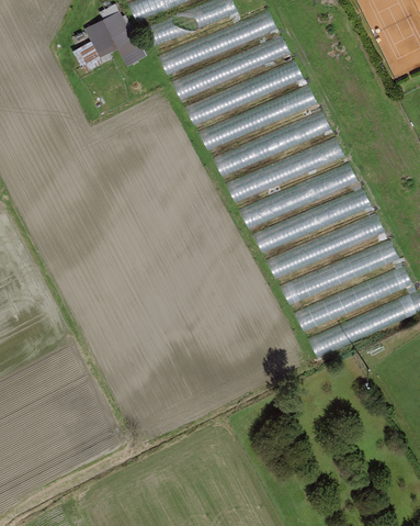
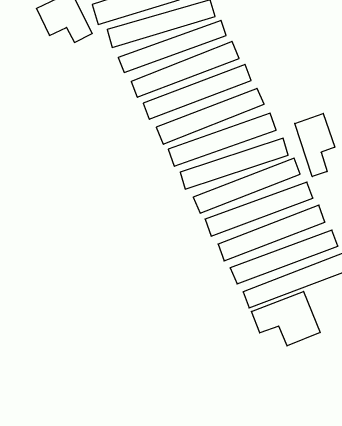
building: none -> [295,113,335,177]
building: none -> [251,291,320,346]

